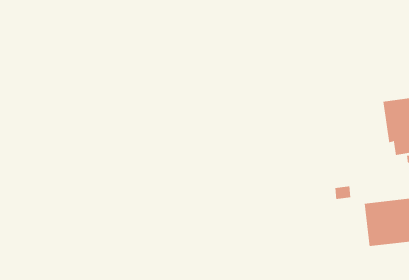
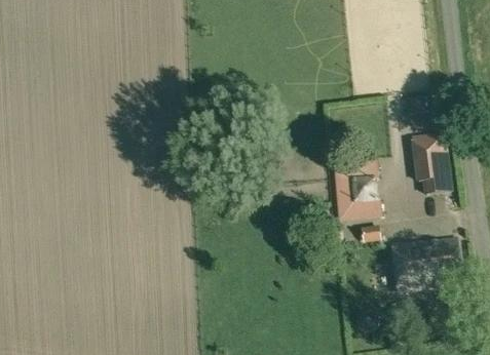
building: none -> [337,164,379,218]

